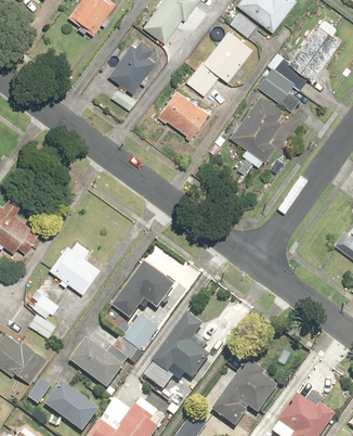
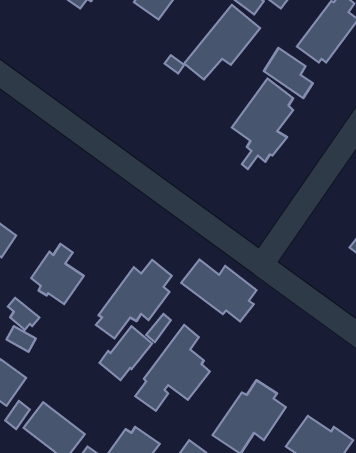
building: [108,43,154,111] -> none
building: [157,90,208,140] -> none
building: none -> [181,260,257,321]
building: [68,336,123,388] -> none

